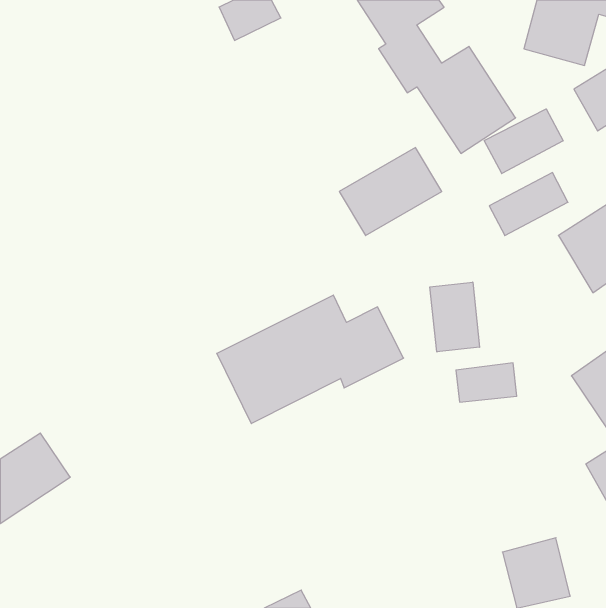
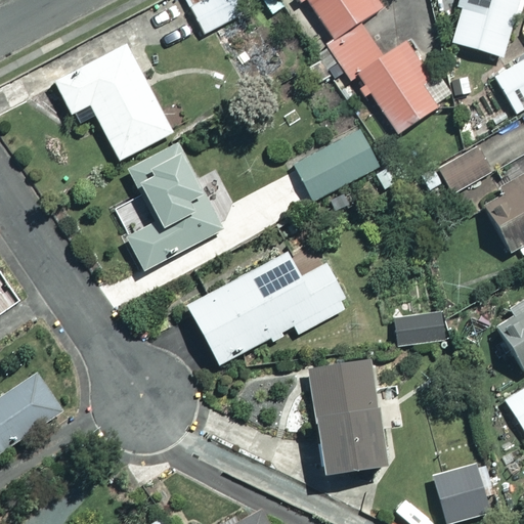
building: none -> [55,43,173,160]
building: [484,109,563,174] -> none
building: none -> [127,142,223,270]
building: [430,282,480,352] -> none
building: none -> [309,359,384,472]

